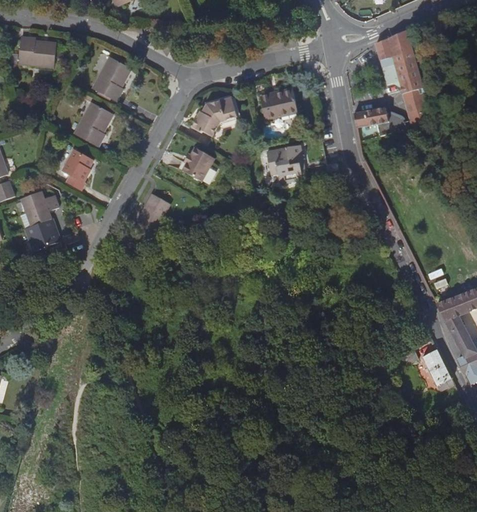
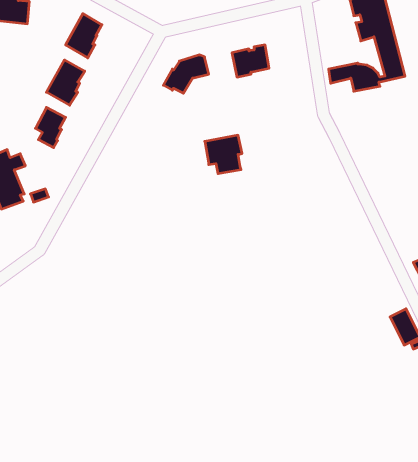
building: [266,145,303,183] -> [205,135,242,174]
building: [182,148,214,181] -> none
building: [137,194,170,231] -> none

